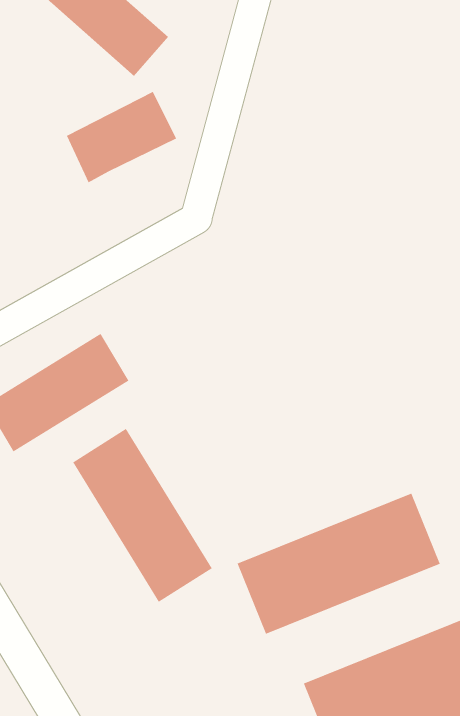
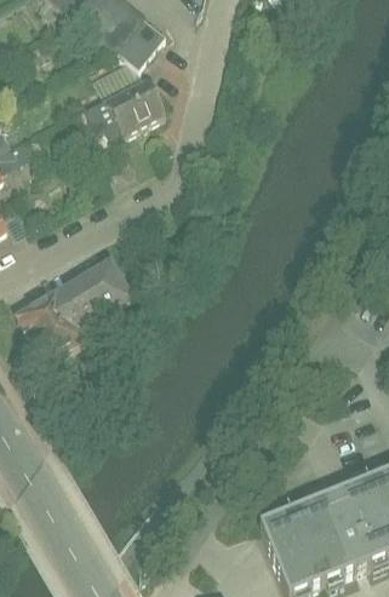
building: [72,428,213,603] -> none
building: [237,493,441,635] -> none

